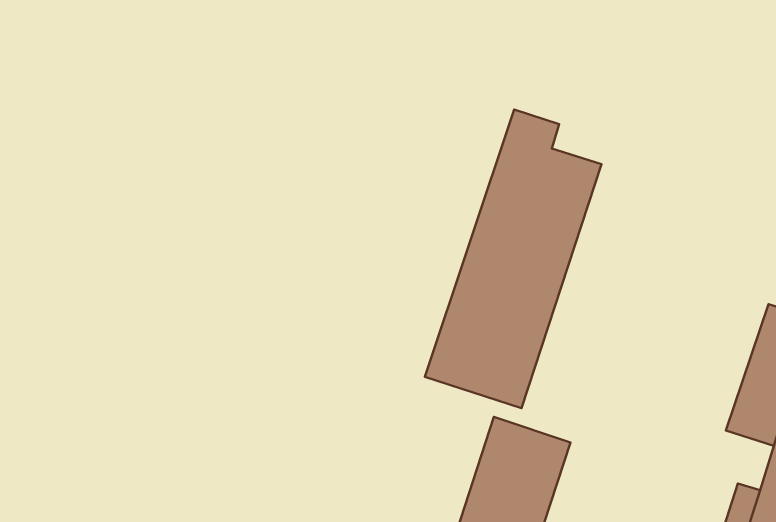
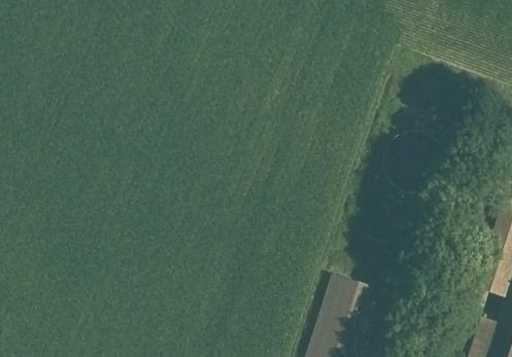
building: [425,110,602,408] -> none

